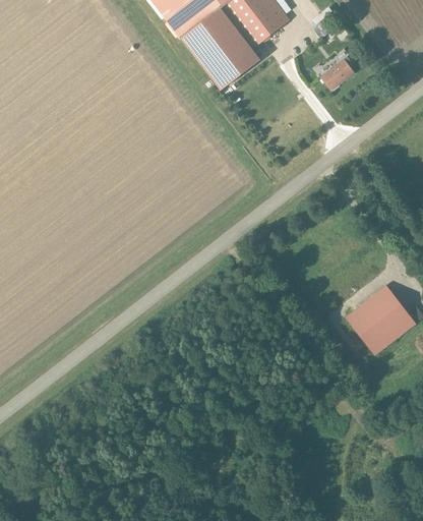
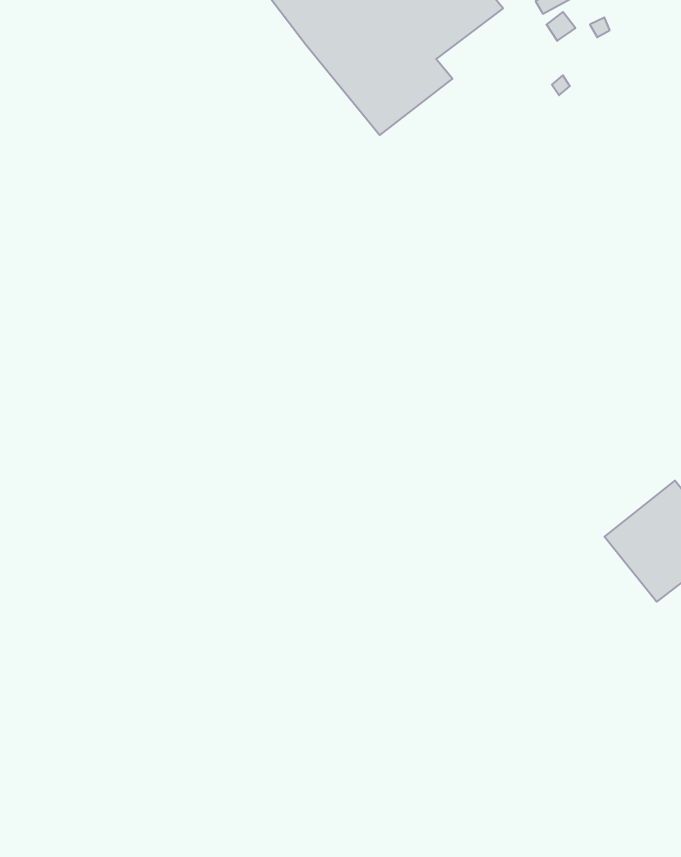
building: [321,58,355,89] -> none

